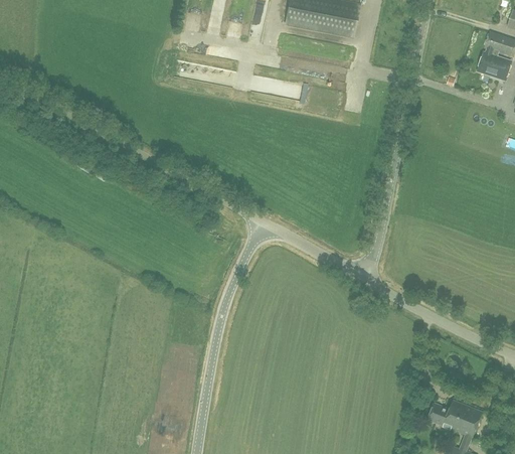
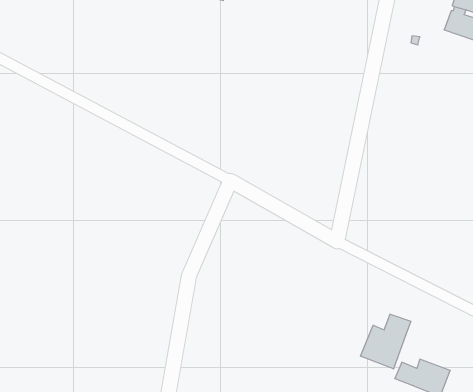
building: none -> [361,314,411,369]

